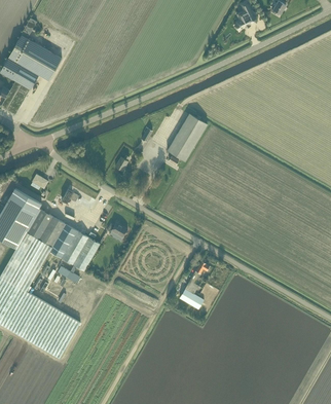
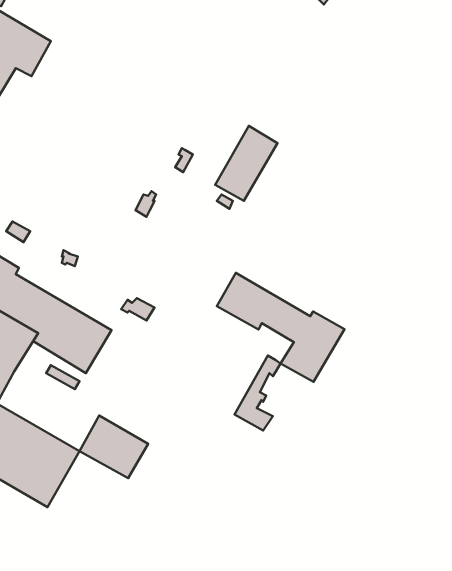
building: none -> [217,273,344,382]
building: none -> [80,416,148,478]

